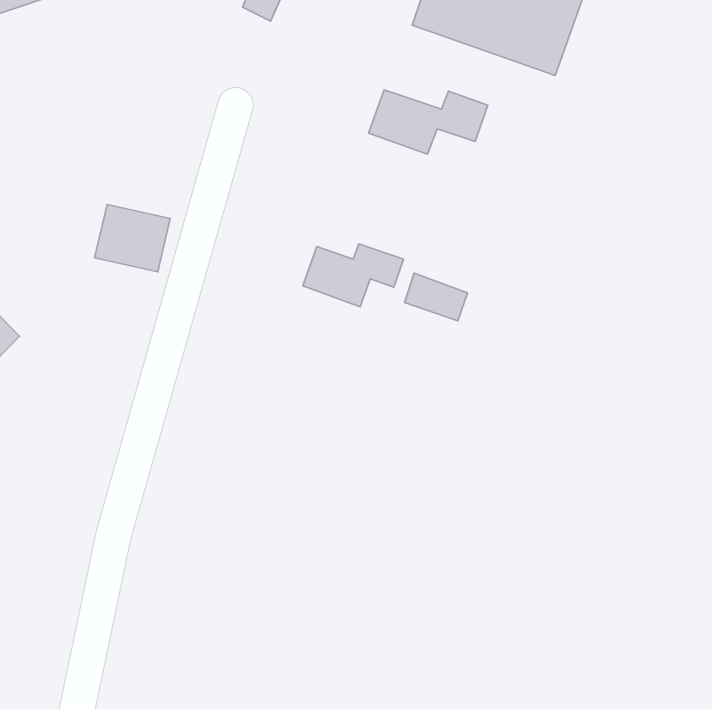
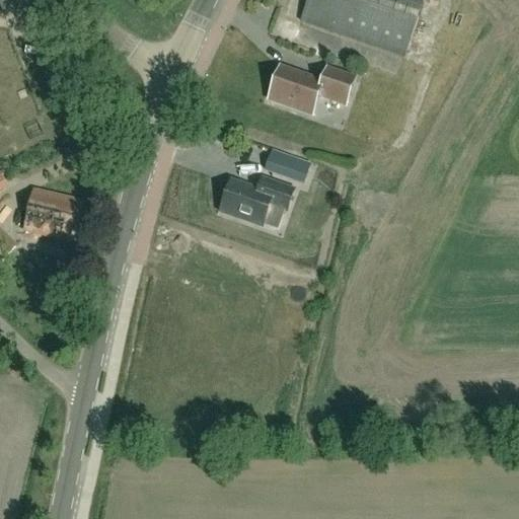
building: [95,205,170,272] -> [21,188,76,236]
building: [404,273,468,321] -> [263,146,308,180]

